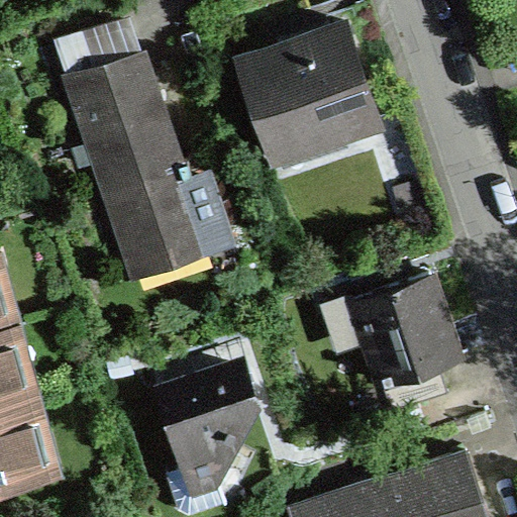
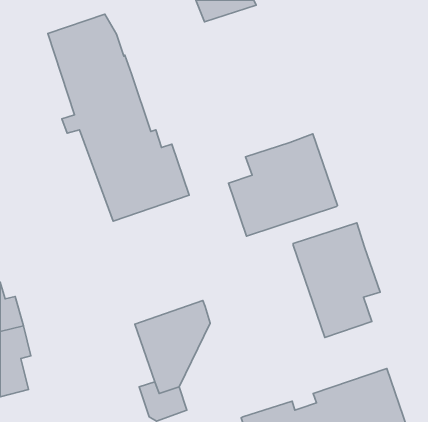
building: [241,24,378,157] -> none
building: none -> [229,134,338,236]

